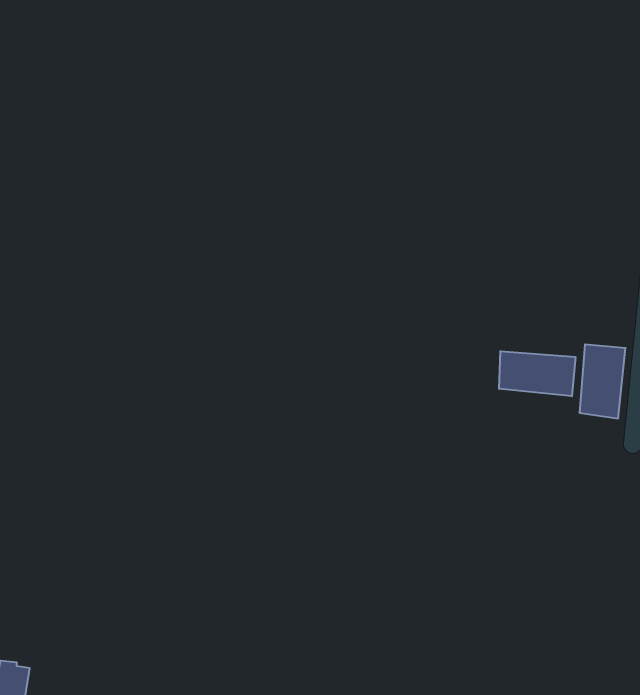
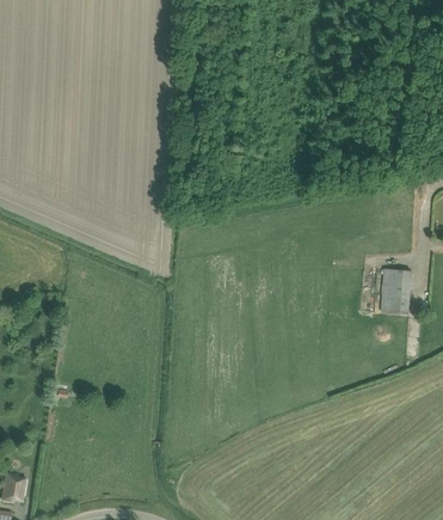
building: [499,351,575,396] -> none

